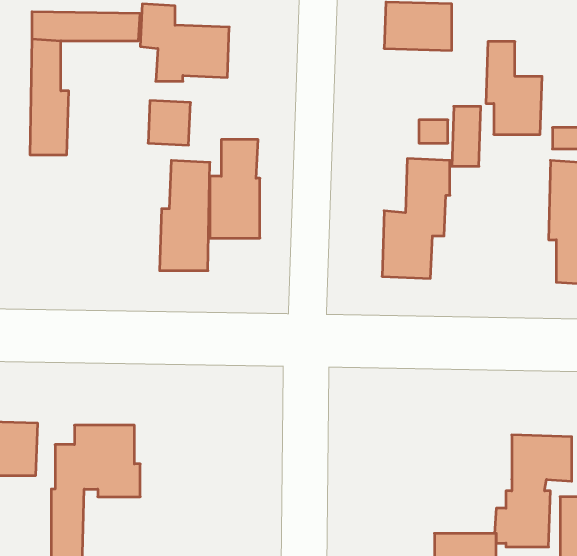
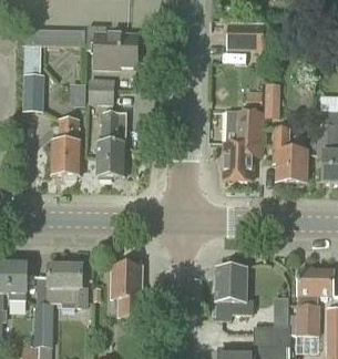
building: [486,42,542,134] -> [274,127,306,181]
building: [210,140,260,238] -> [52,117,81,174]
building: none -> [111,265,141,315]
building: none -> [217,267,254,318]

